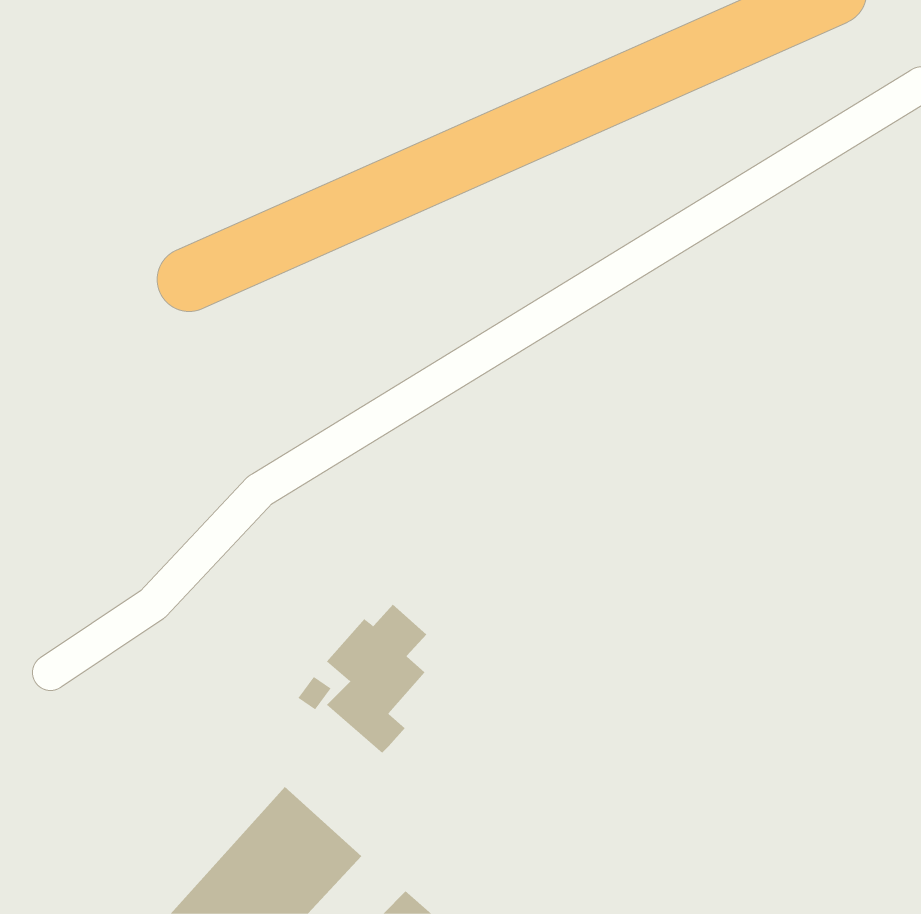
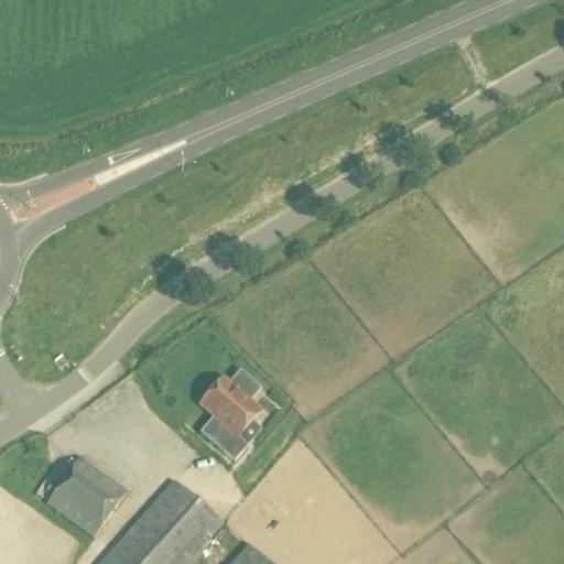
building: none -> [46,457,127,536]

